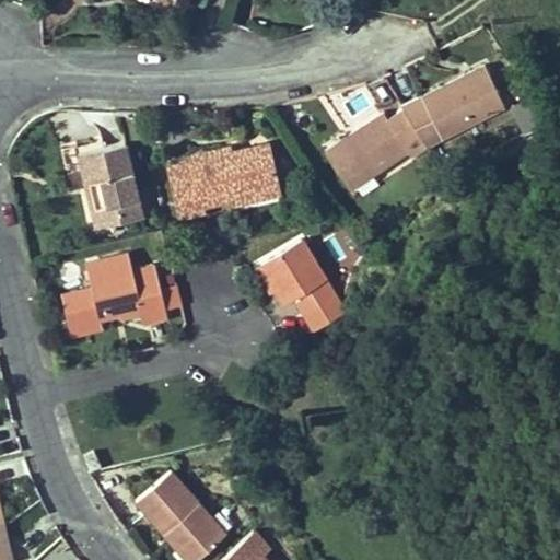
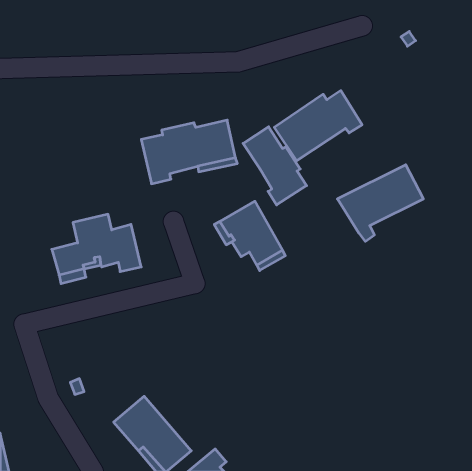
building: [404,68,505,159] -> [337,165,423,241]
building: [74,144,142,228] -> none
building: none -> [243,127,307,205]

